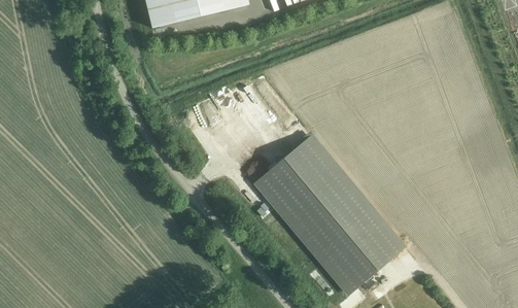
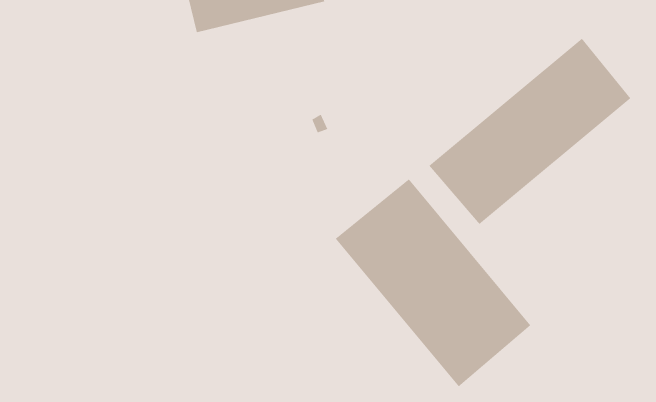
building: none -> [429,38,631,225]

